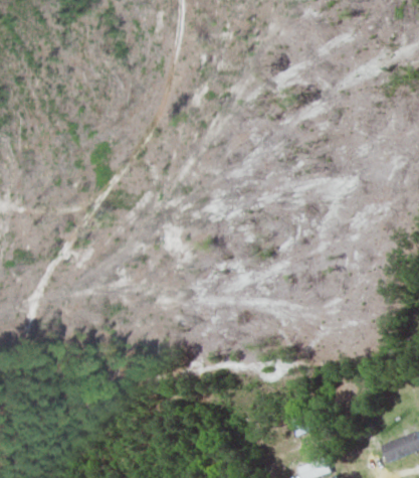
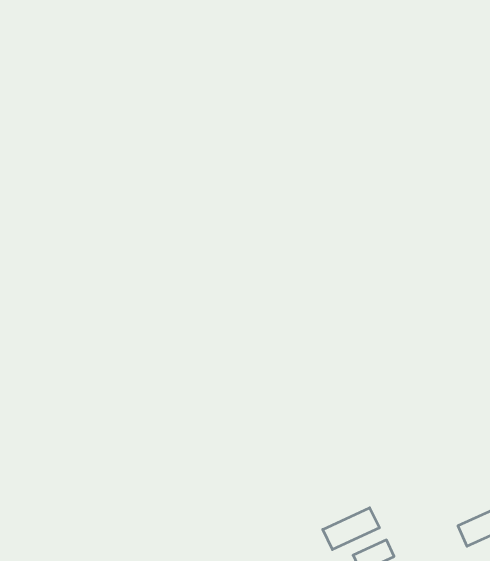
building: none -> [323,508,379,550]

